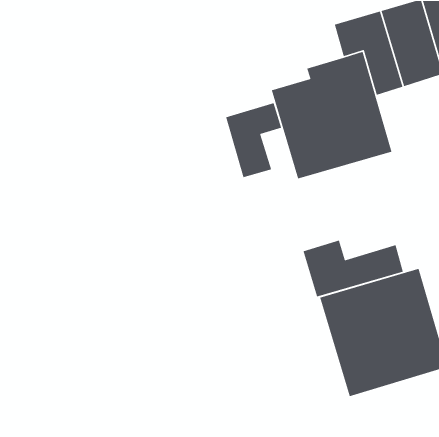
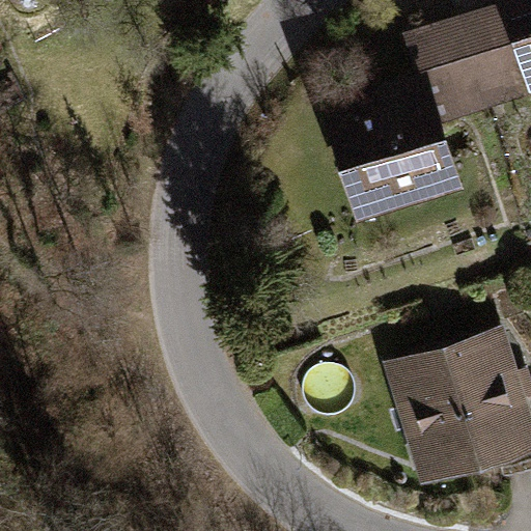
building: [225,102,282,178] -> none
building: [303,240,404,298] -> none

